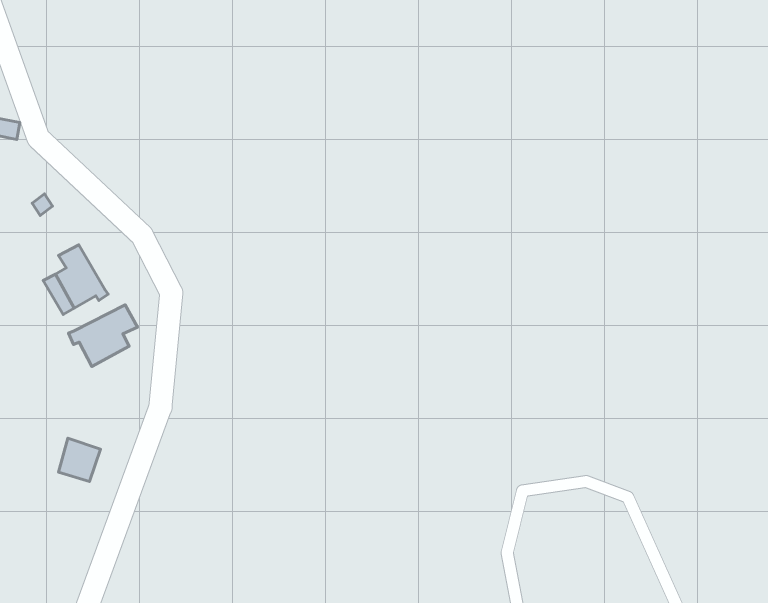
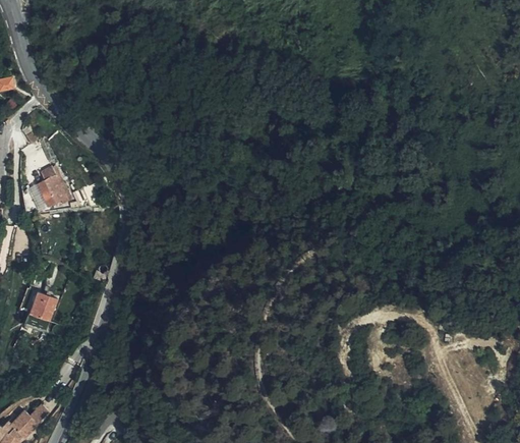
building: [69,305,137,366] -> none

